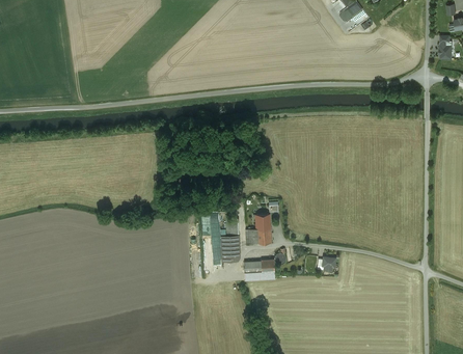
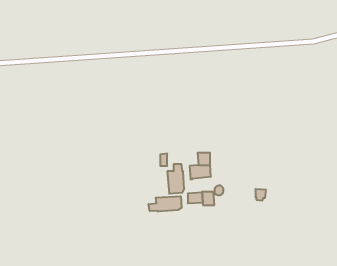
building: none -> [149,196,181,212]

